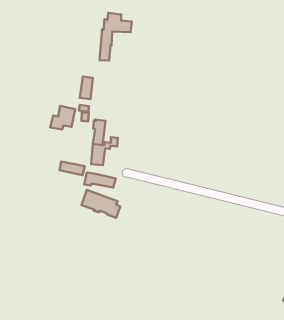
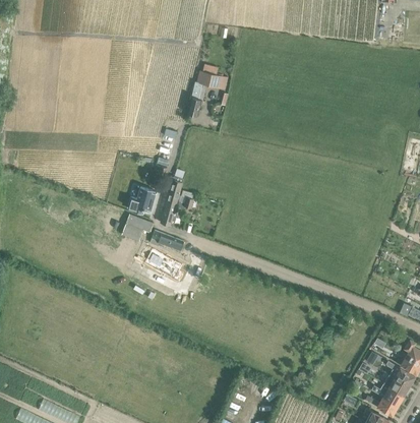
building: [50,106,75,129] -> [130,189,160,215]

